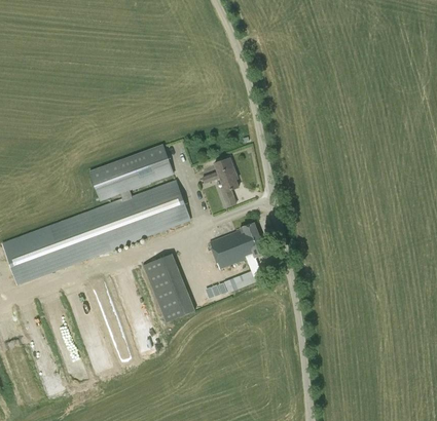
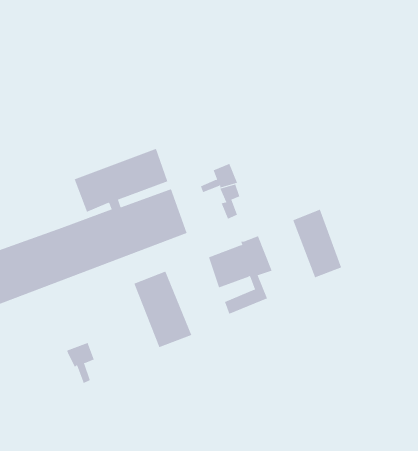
building: none -> [292,209,342,278]
building: none -> [67,342,94,384]

